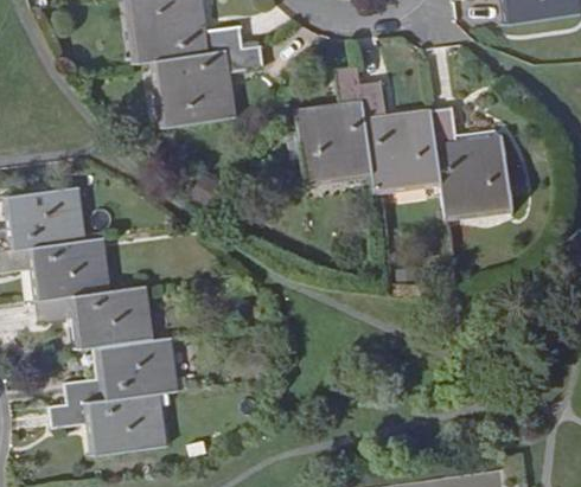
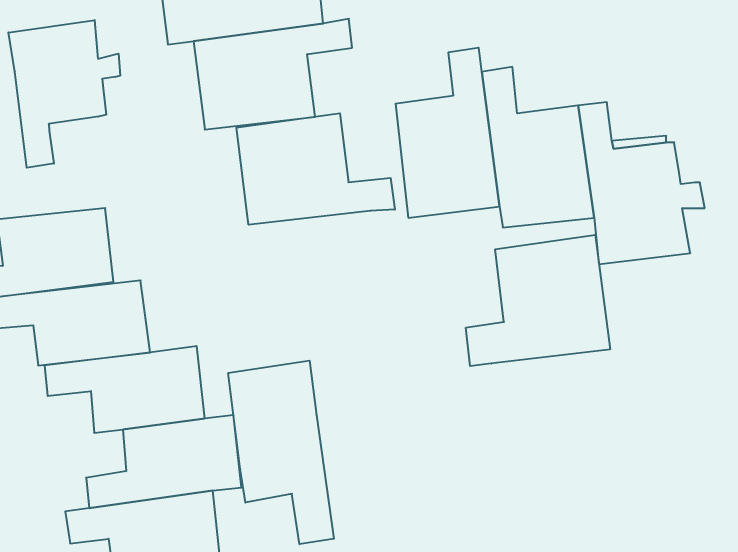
building: none -> [8,20,120,168]
building: none -> [237,113,395,225]
building: none -> [466,235,610,366]
building: none -> [228,361,334,544]

